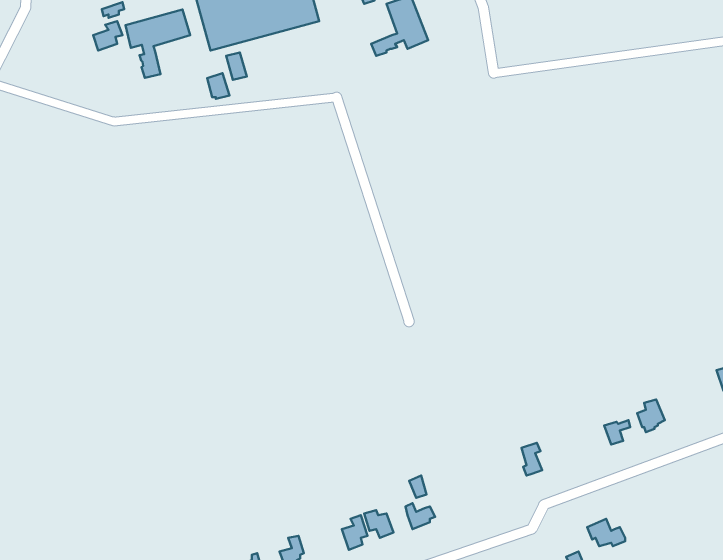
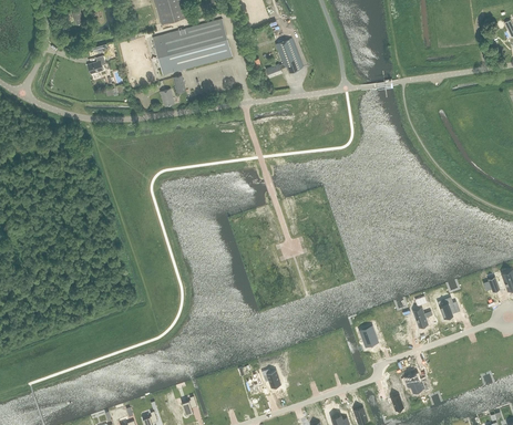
building: [125,10,190,78] -> none

